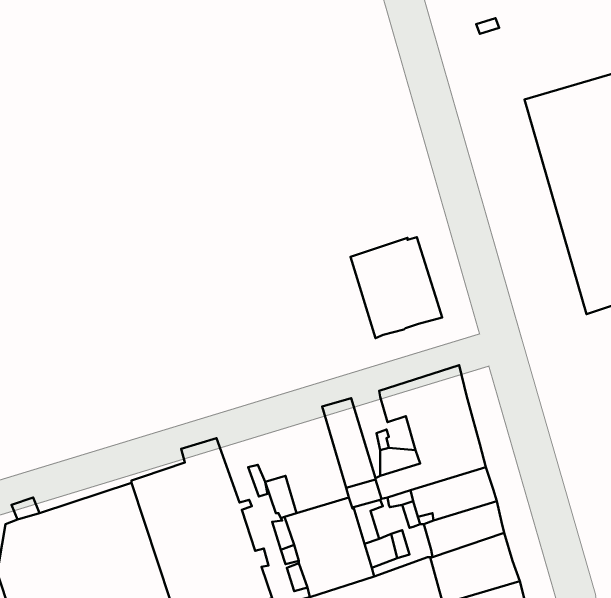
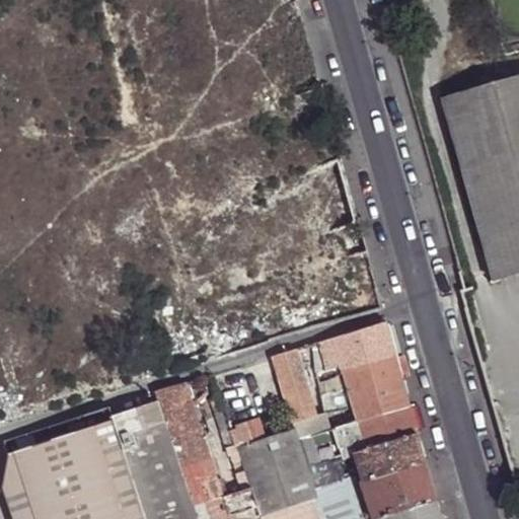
building: [351,237,442,338] -> none

